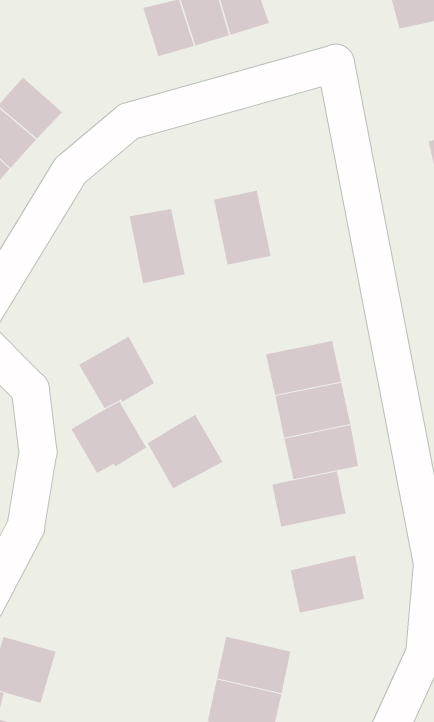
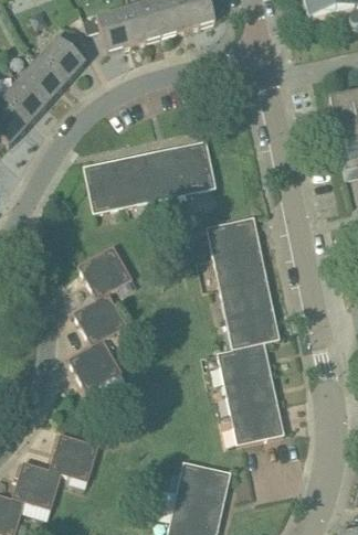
building: none -> [84,9,135,52]
building: none -> [38,28,85,84]
building: none -> [145,147,185,201]
building: none -> [83,159,124,214]
building: none -> [206,216,261,258]
building: [147,414,224,489] -> [67,338,123,392]
building: none -> [223,373,277,414]
building: none -> [50,432,99,480]

